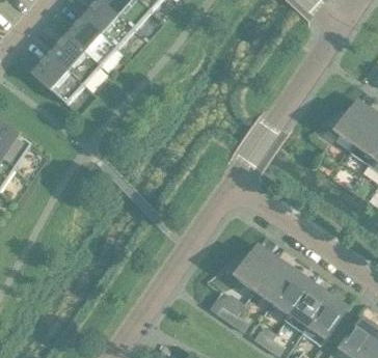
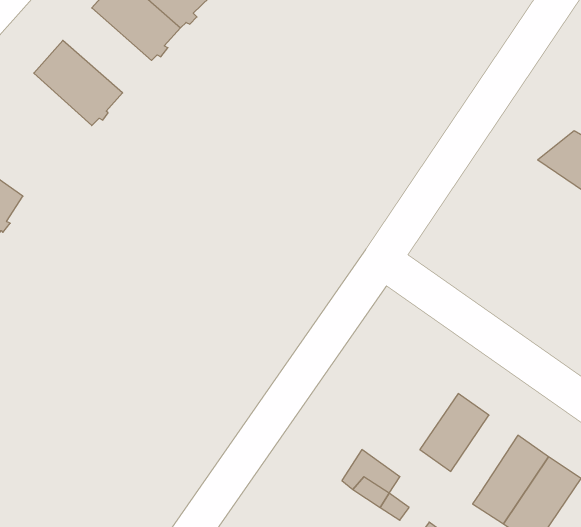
building: [50,36,101,85] -> none
building: [222,245,276,290] -> none
building: [272,270,310,314] -> none

